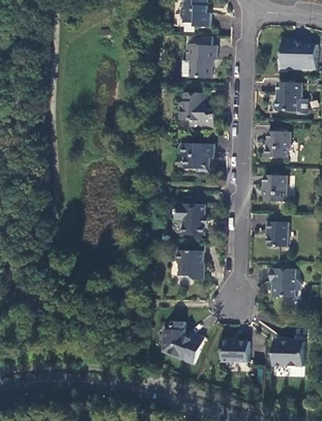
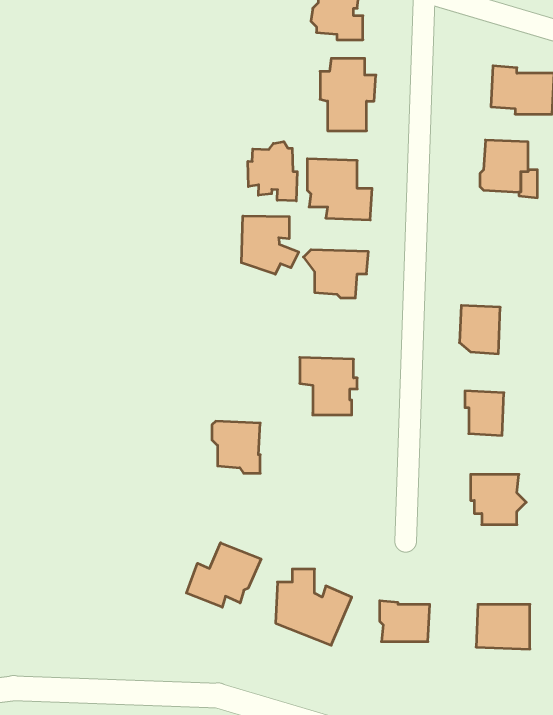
building: none -> [248,142,297,201]
building: none -> [241,216,299,274]
building: [266,128,291,157] -> none
building: [176,249,203,278] -> [212,421,260,473]
building: none -> [186,543,261,607]

